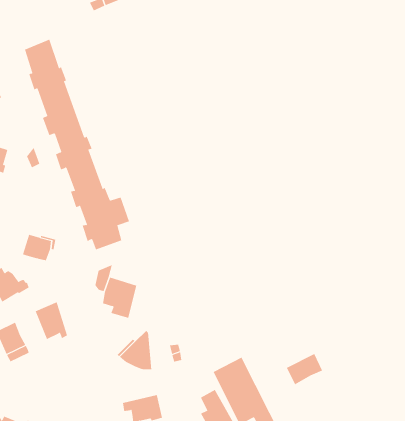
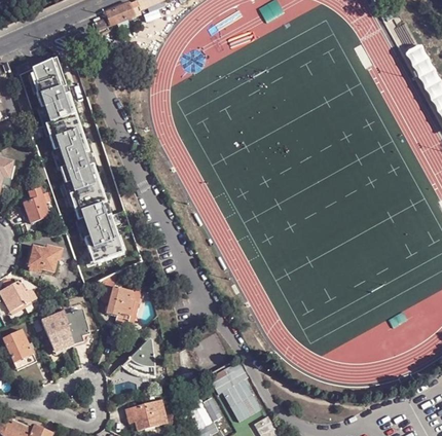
building: none -> [24,188,49,223]
building: none -> [64,310,89,343]
building: [286,353,323,385] -> none

